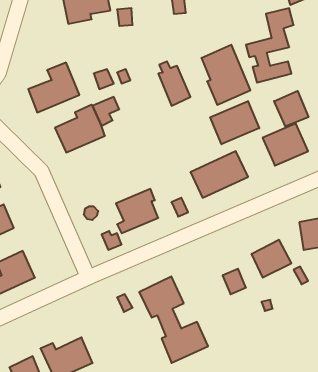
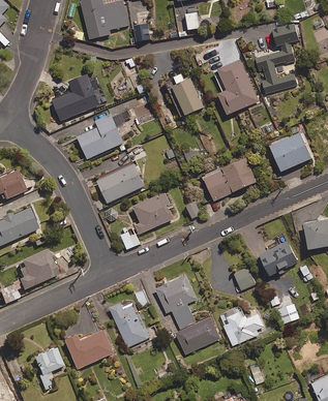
building: [274,91,308,126] -> none
building: [210,101,259,144] -> none
building: none -> [97,163,145,203]
building: none -> [110,303,147,347]
building: none -> [218,305,264,346]

